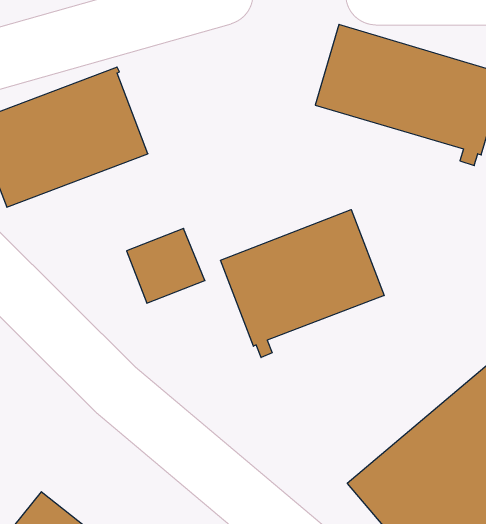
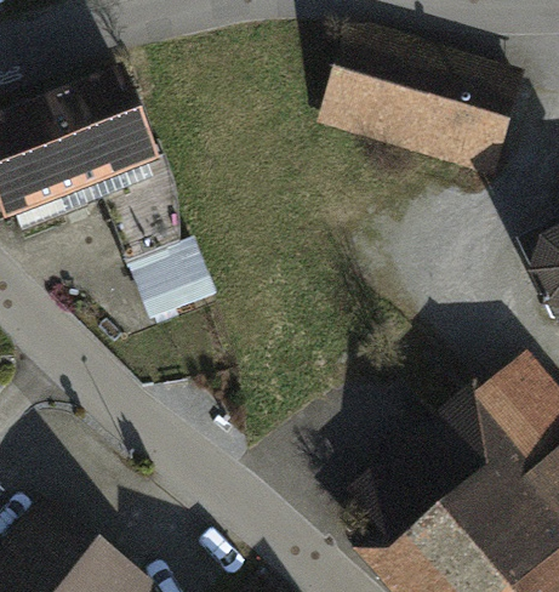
building: [220,210,384,358] -> none

